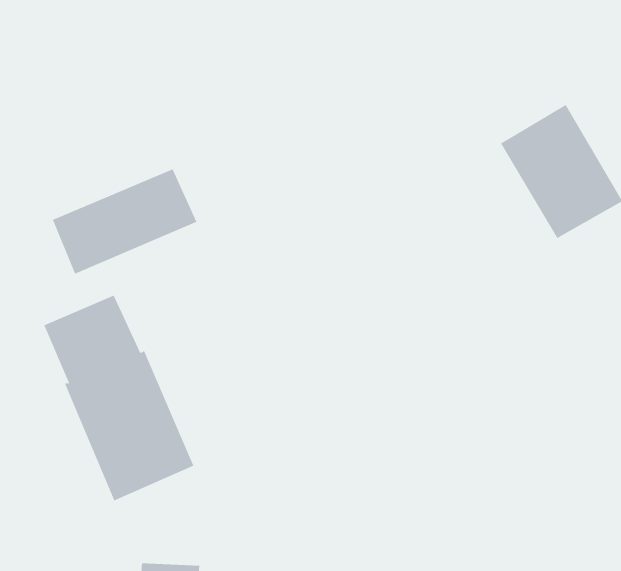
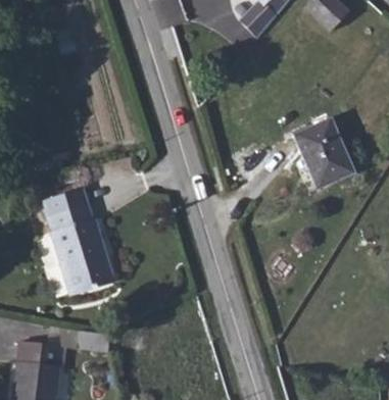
building: [52,169,197,275] -> none

